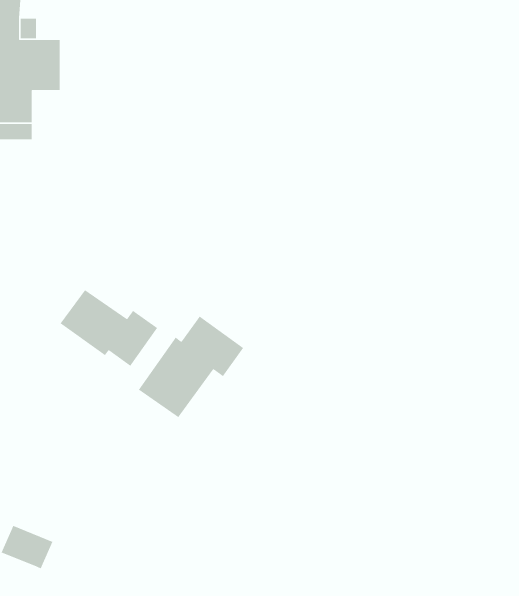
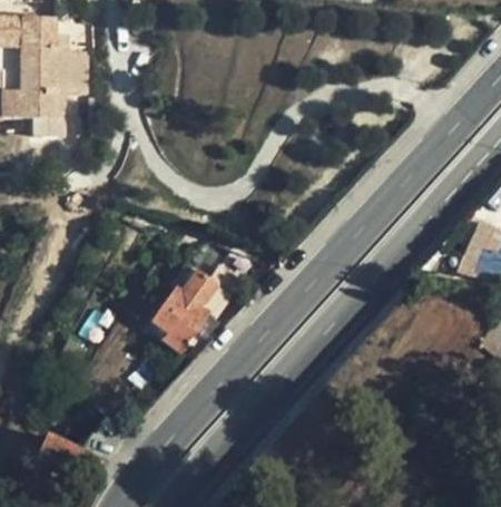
building: [60,289,158,367] -> none

